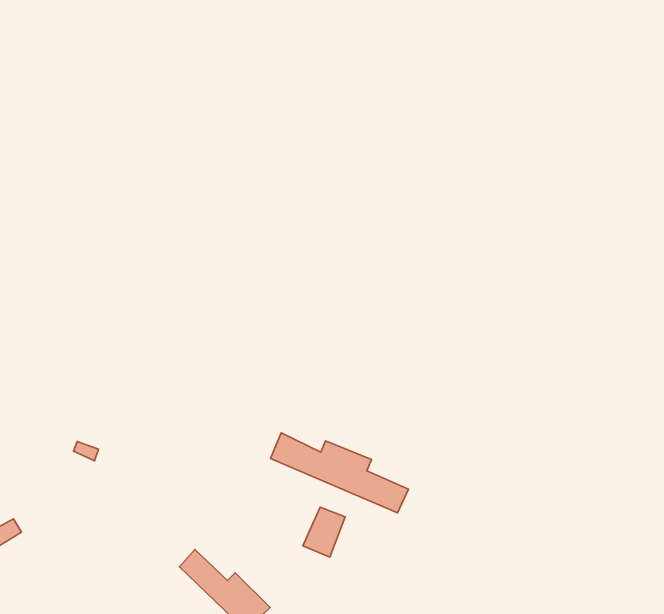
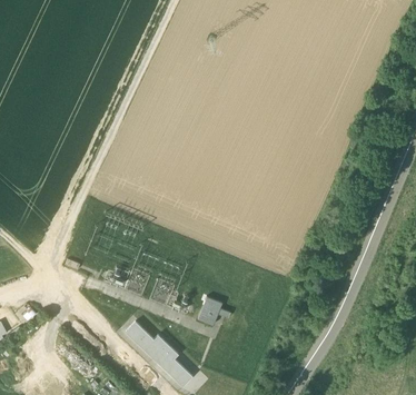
building: [271,433,408,513] -> none

